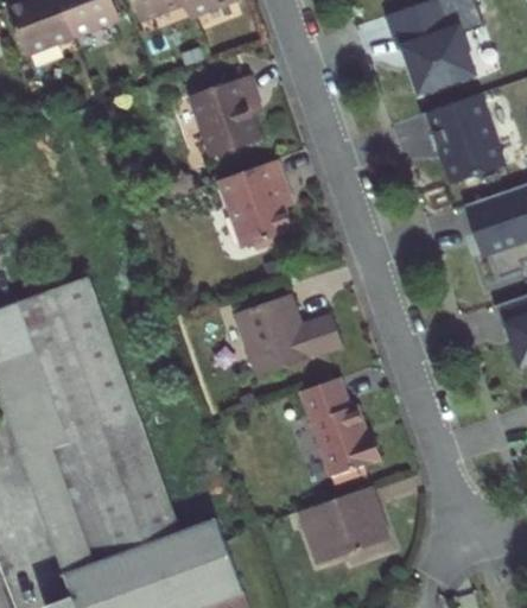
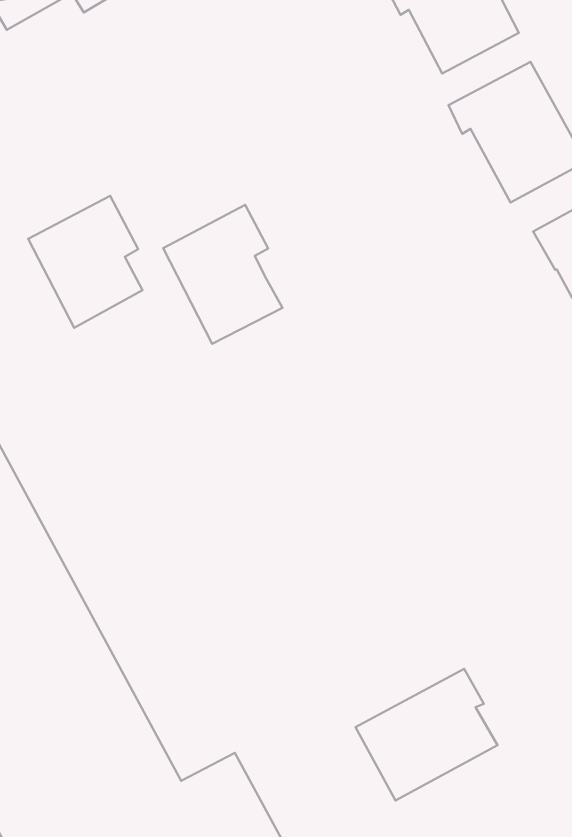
building: [190,75,261,158] -> [28,196,143,328]
building: [235,293,343,376] -> none
building: [300,378,382,486] -> none

